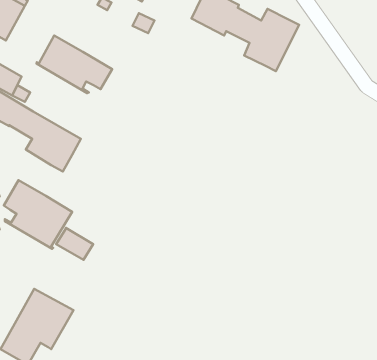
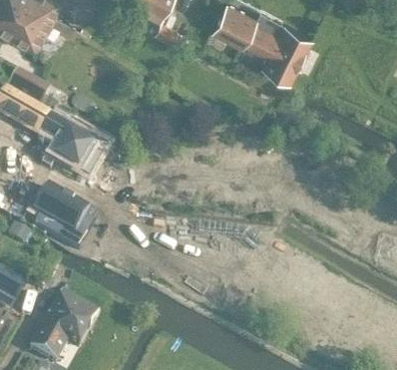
building: [36,36,112,93] -> none
building: [56,228,93,260] -> none

